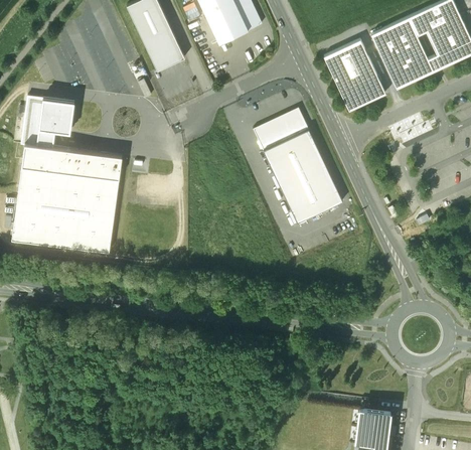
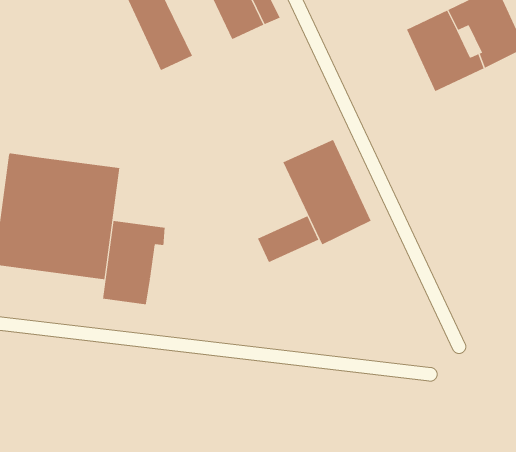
building: [324,39,385,111] -> none
building: [21,95,74,146] -> none
building: [254,109,308,150] -> [257,216,319,263]
building: none -> [103,220,165,305]

